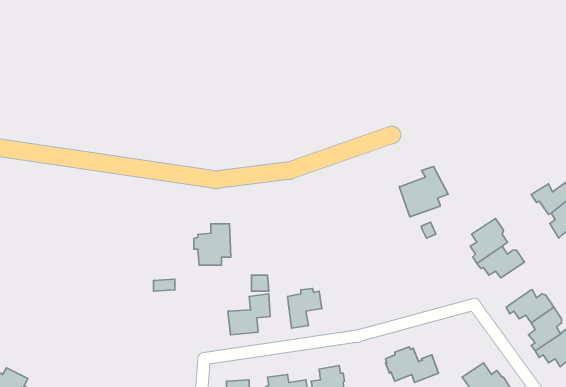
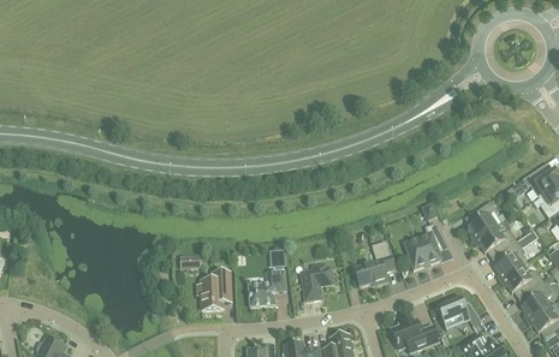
building: [399,166,448,217] -> [404,224,448,269]
building: [194,224,231,265] -> [197,272,231,309]
building: none -> [355,240,394,286]
building: none -> [494,240,529,281]
building: none -> [435,296,481,331]

